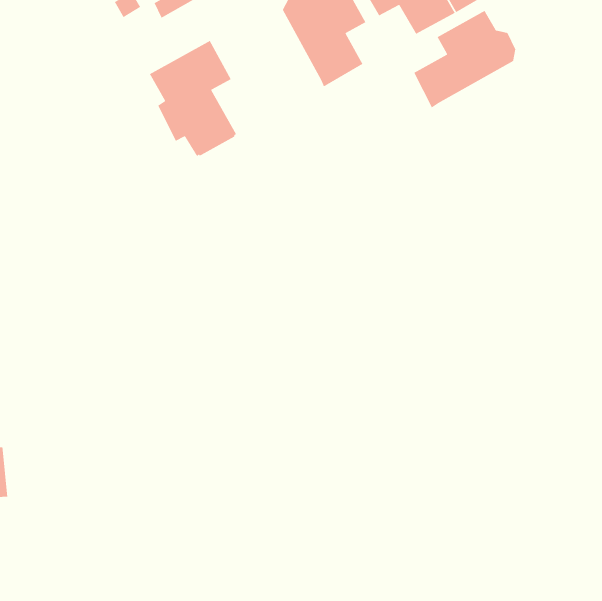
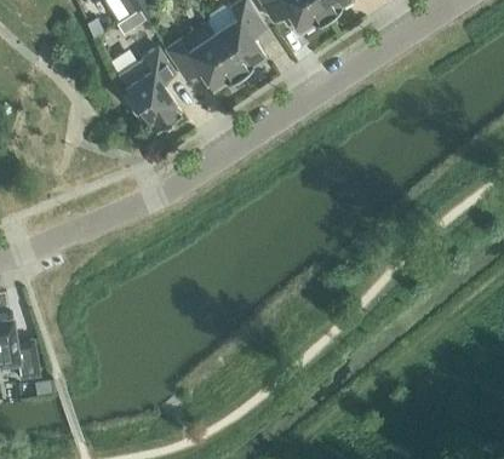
building: [413,10,516,108] -> none
building: none -> [165,23,239,92]

